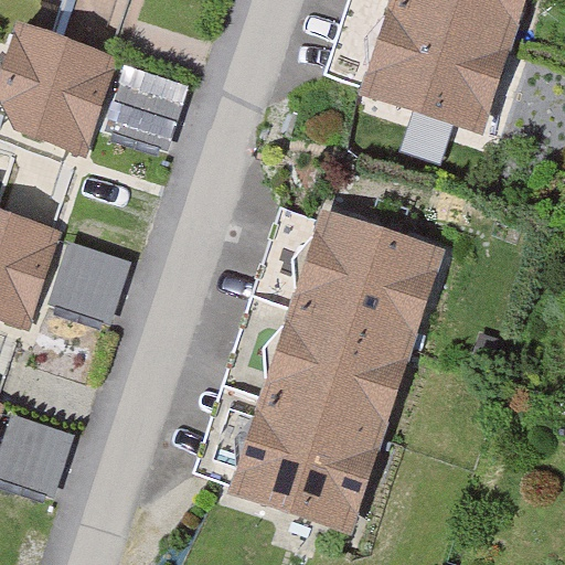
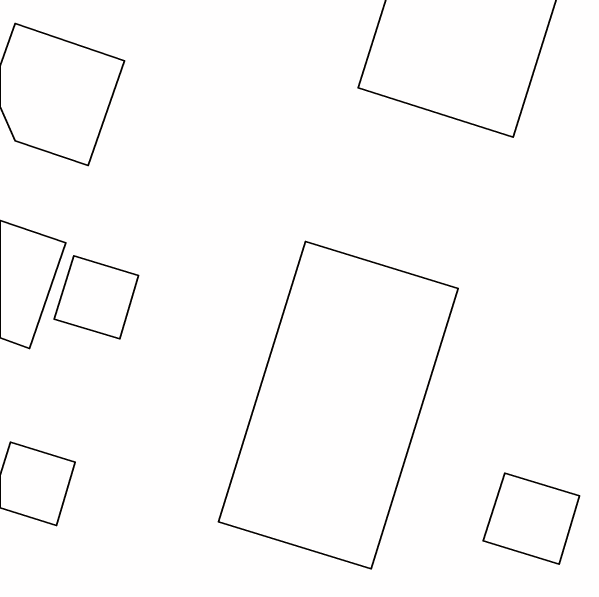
building: [109,67,189,146] -> none
building: none -> [483,473,580,564]

